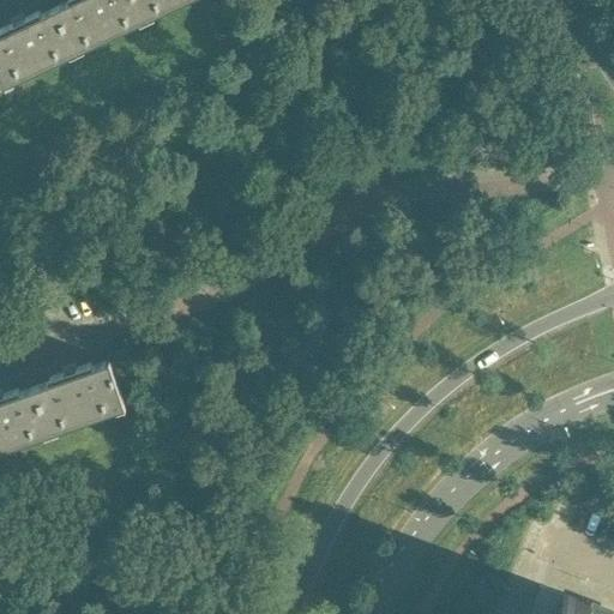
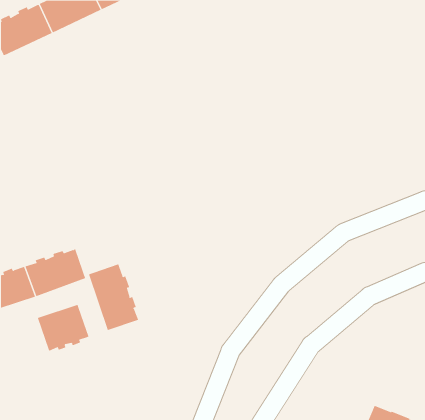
building: none -> [85,263,139,331]
building: none -> [37,300,89,351]

